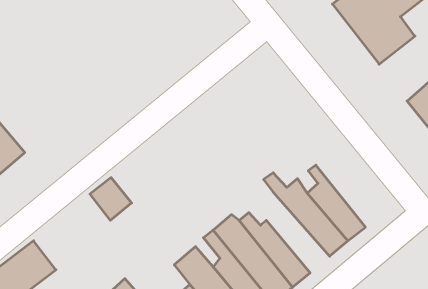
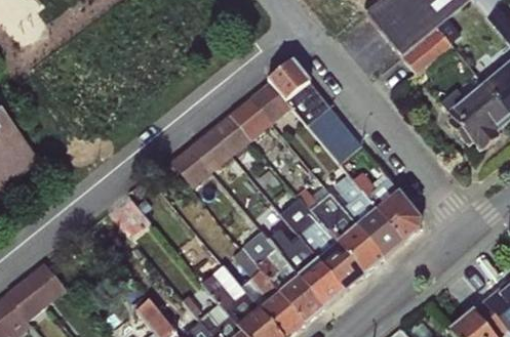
building: none -> [169,60,361,187]
building: none -> [348,172,418,245]
building: none -> [284,208,362,293]

